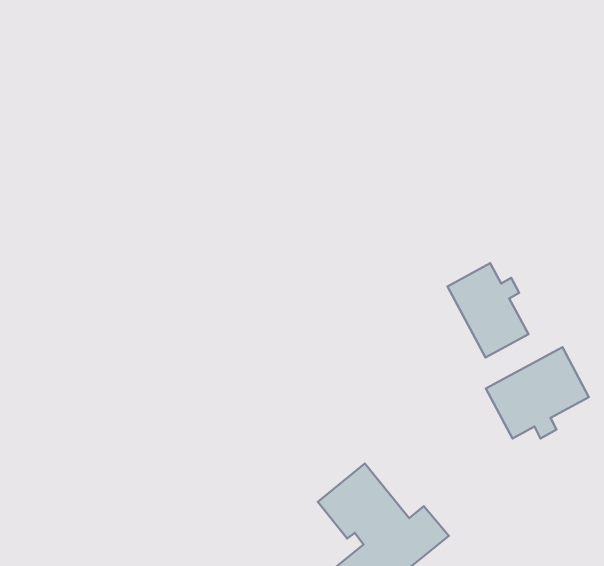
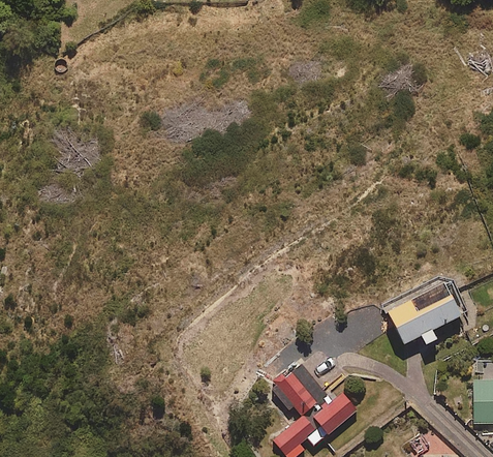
building: [447,263,528,358] -> none

